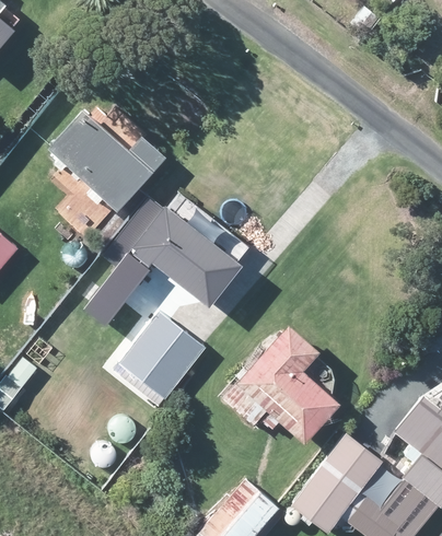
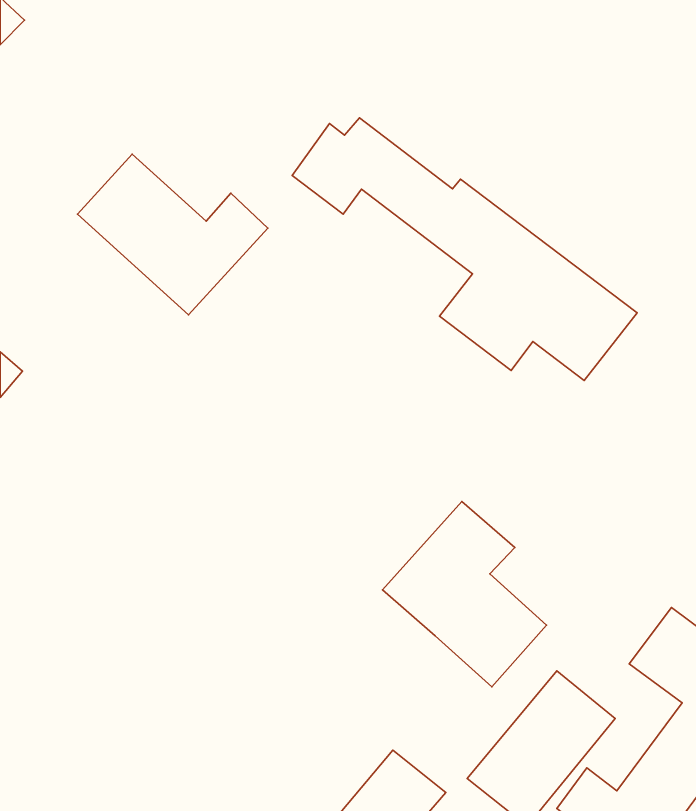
building: none -> [292,118,637,380]
building: [84,194,244,323] -> none
building: [119,313,205,399] -> none

